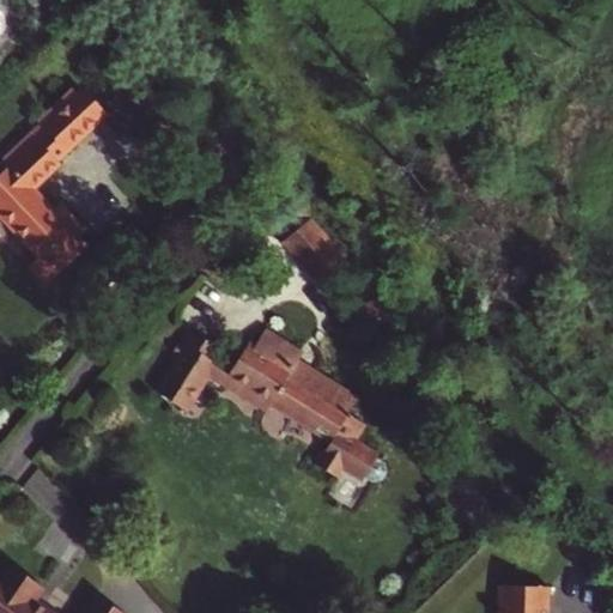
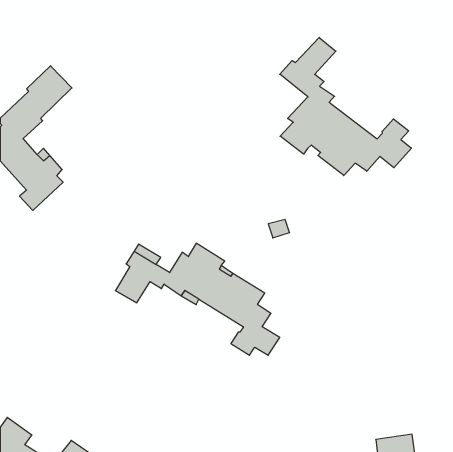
building: none -> [280,37,411,176]
building: [285,216,350,281] -> none

